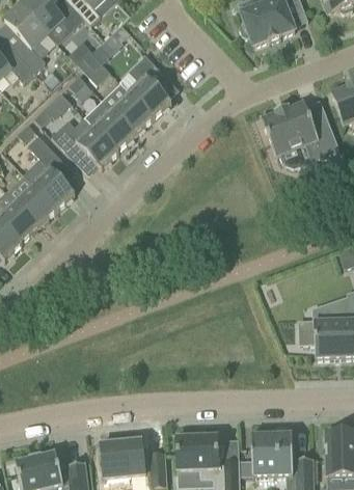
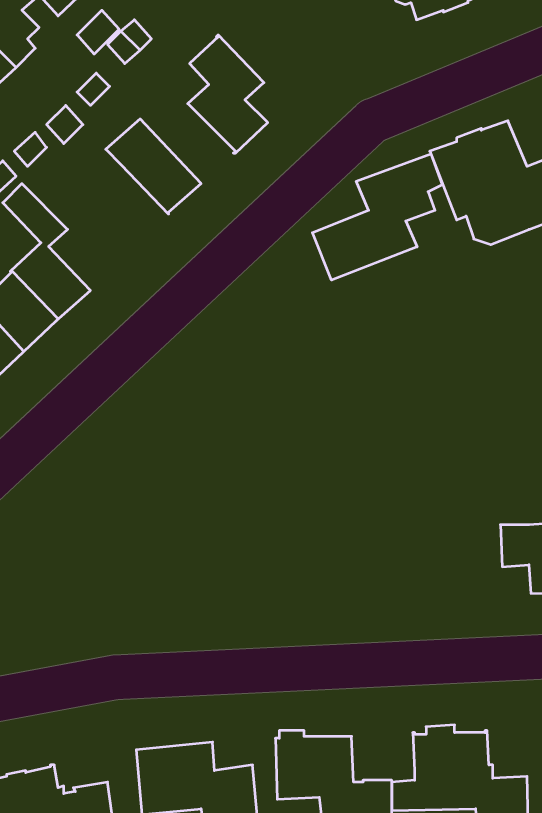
building: [102,82,154,134] -> none
building: none -> [312,154,442,280]
building: [51,118,118,167] -> none

